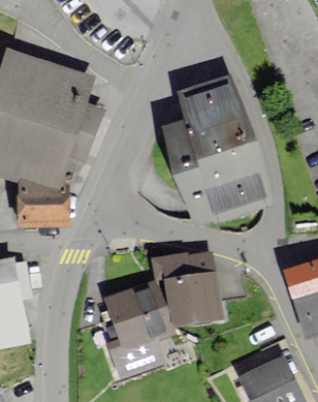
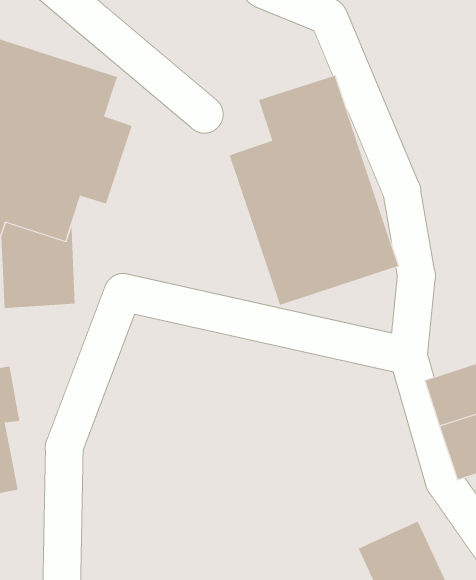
building: [153,251,219,321] -> none
building: [105,281,168,374] -> none

